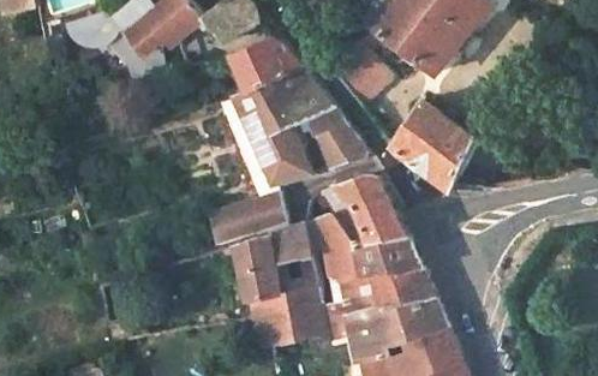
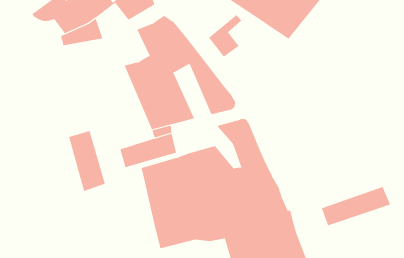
building: [388,101,477,189] -> none
building: none -> [68,130,106,192]
building: none -> [321,186,391,226]

